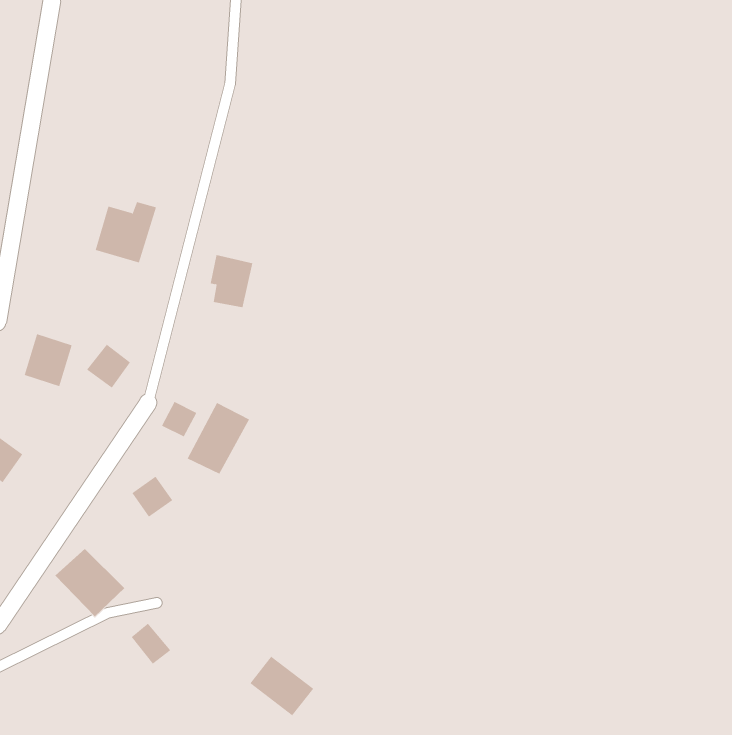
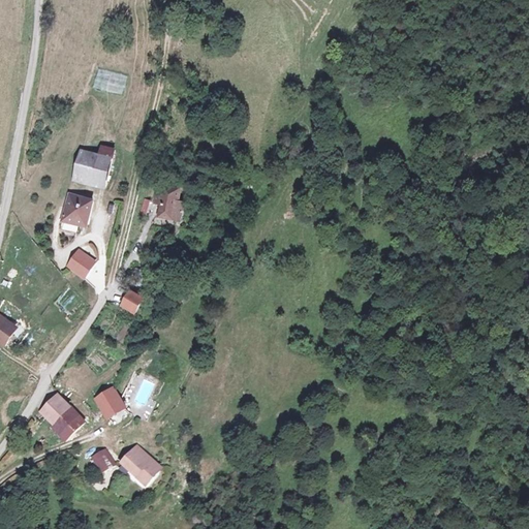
building: [24,334,73,387] -> [57,191,92,229]
building: [187,402,250,474] -> none
building: [131,476,173,518] -> [99,386,129,416]
building: [249,656,314,716] -> [125,445,172,489]

